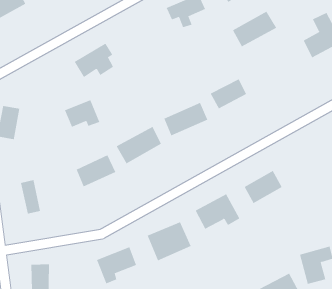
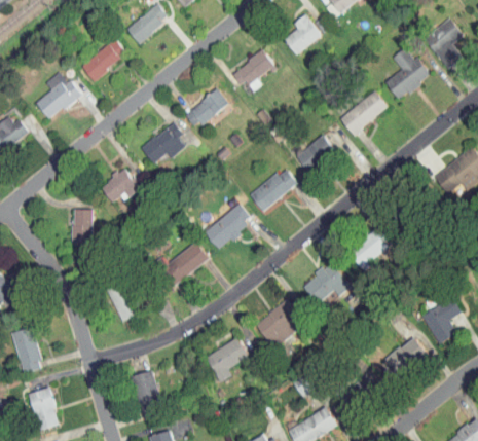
building: [232,11,277,47] -> [340,90,389,135]
building: none -> [191,90,229,124]
building: [64,100,100,128] -> [101,168,142,201]

